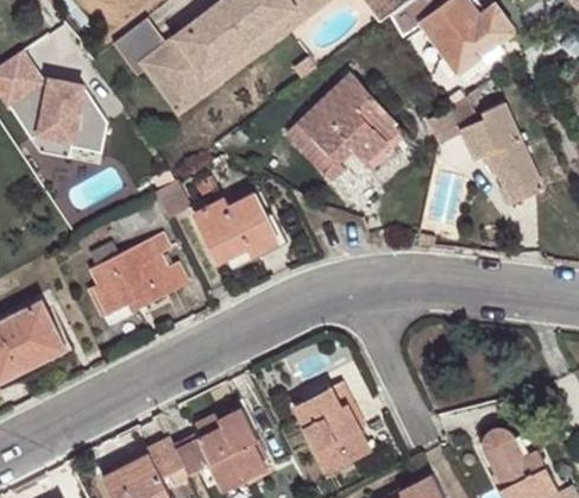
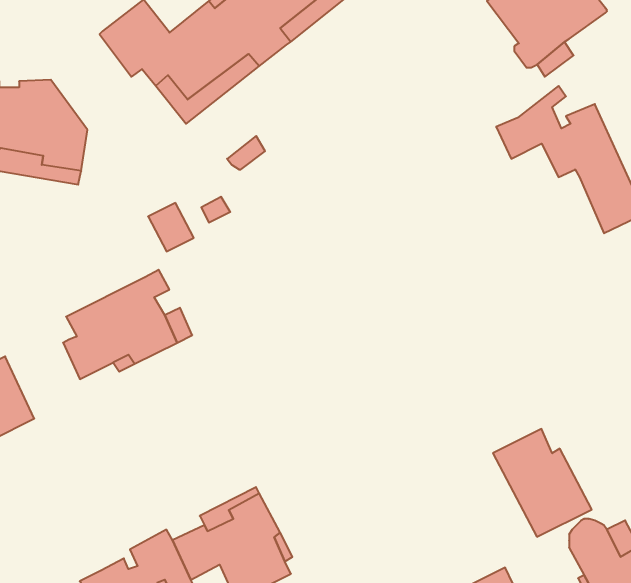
building: [285,73,407,181] -> none
building: [191,188,276,261] -> none
building: [292,387,370,472] -> [493,429,592,537]

